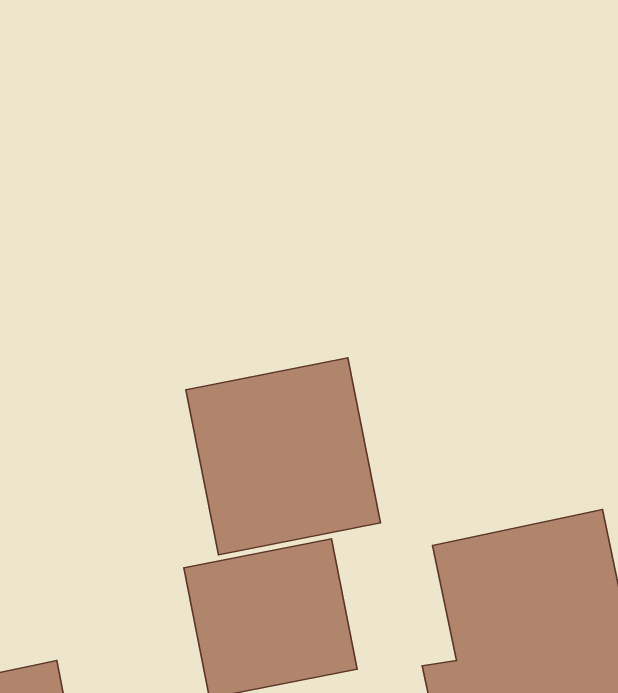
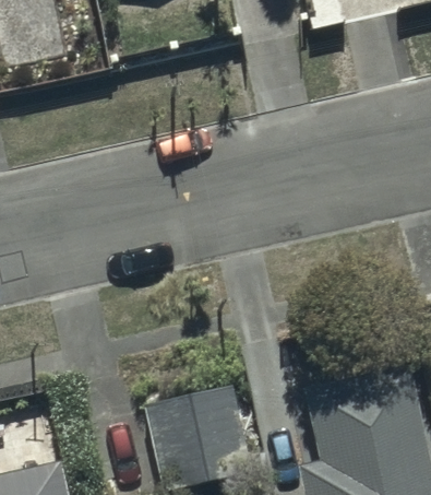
building: [186,358,380,555] -> none

